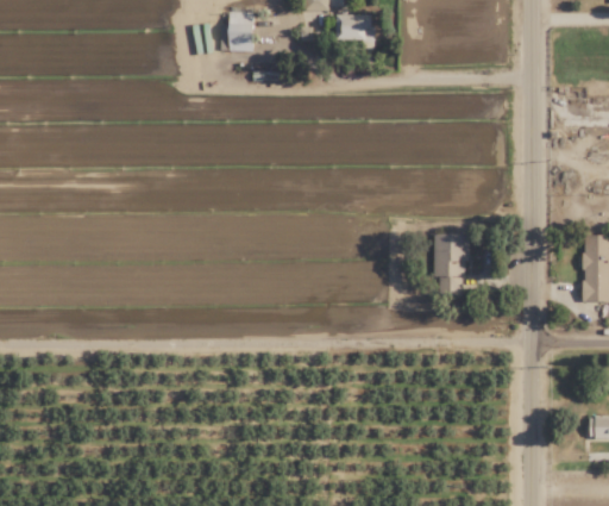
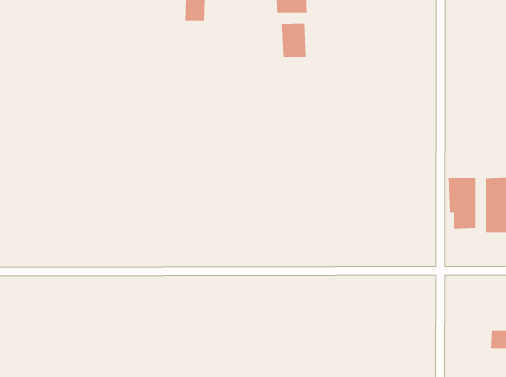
building: none -> [281,23,306,58]
building: [433,233,466,295] -> [448,177,476,229]

